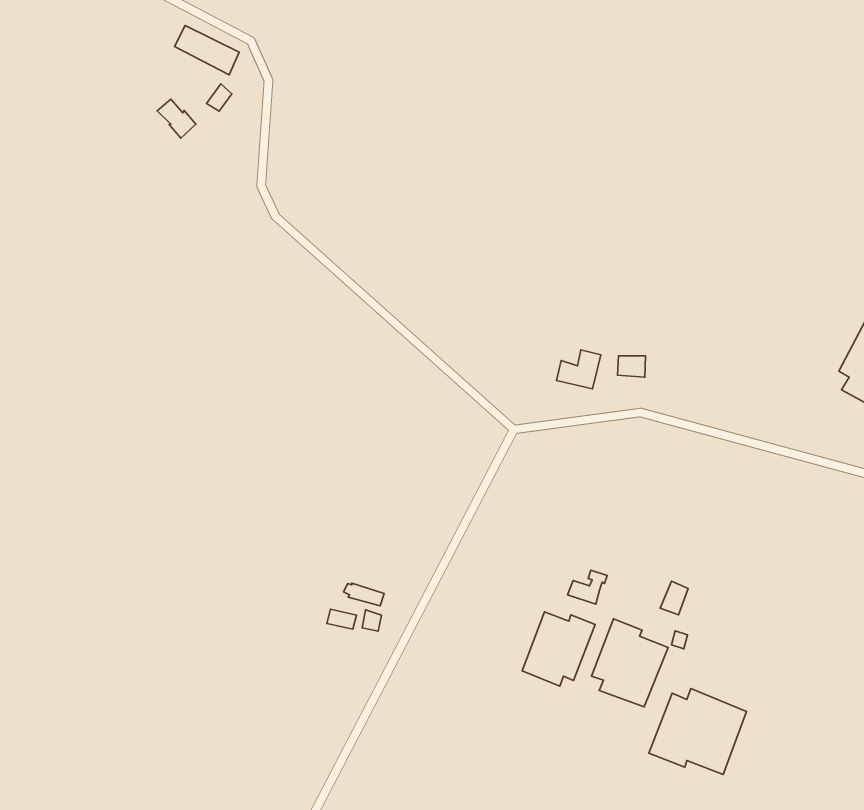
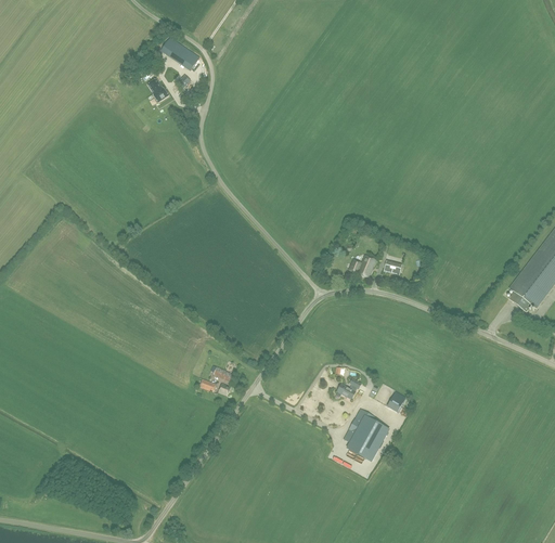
building: [522,612,595,686] -> none
building: [649,689,747,774] -> none

